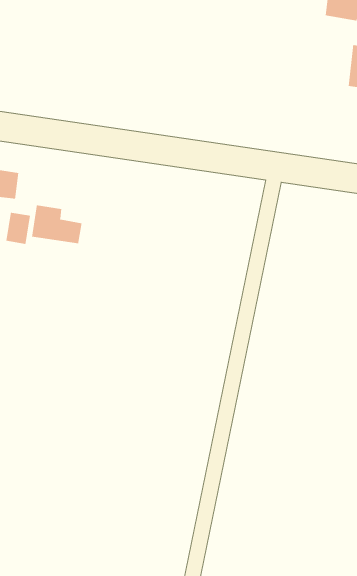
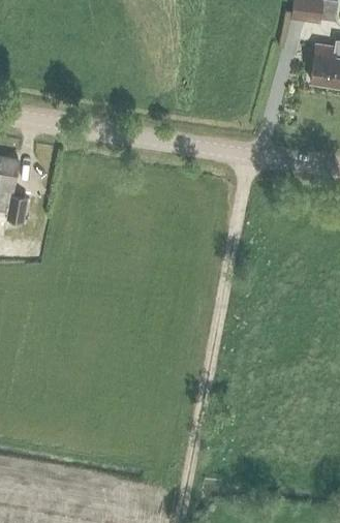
building: [31,204,82,244] -> none

